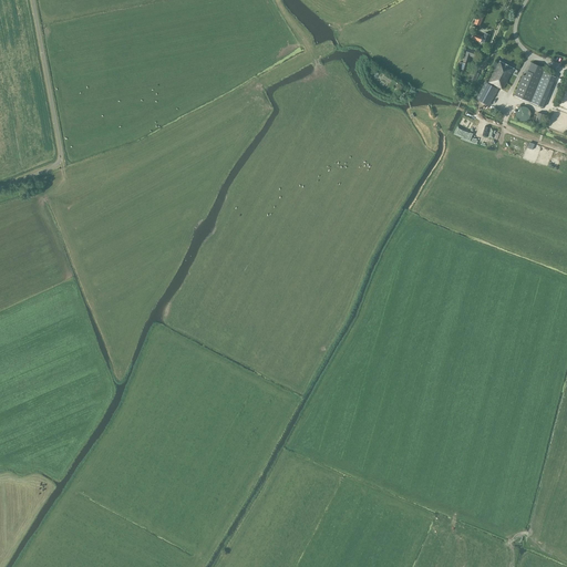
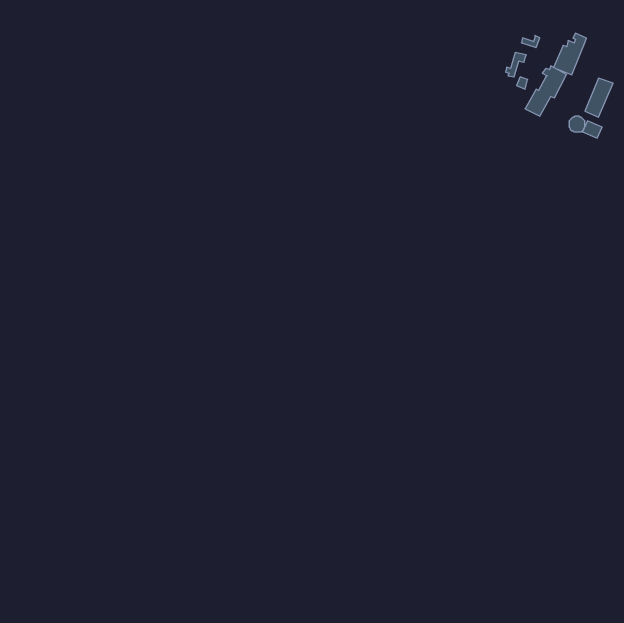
building: [514,63,544,101] -> [553,33,586,75]

